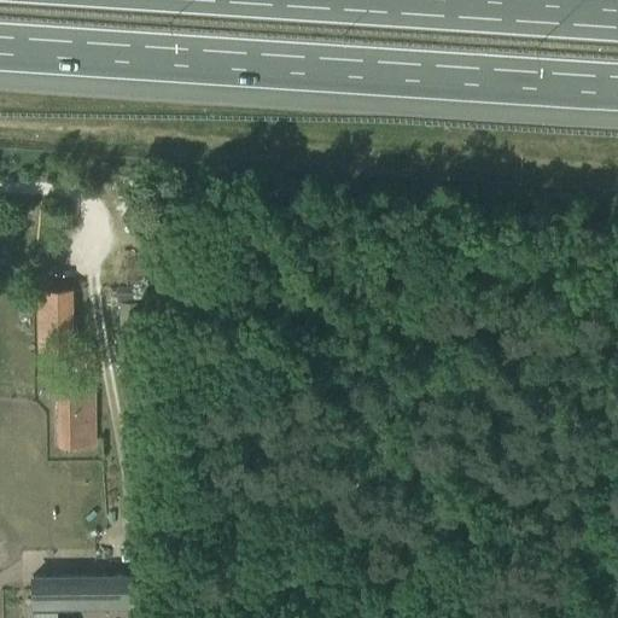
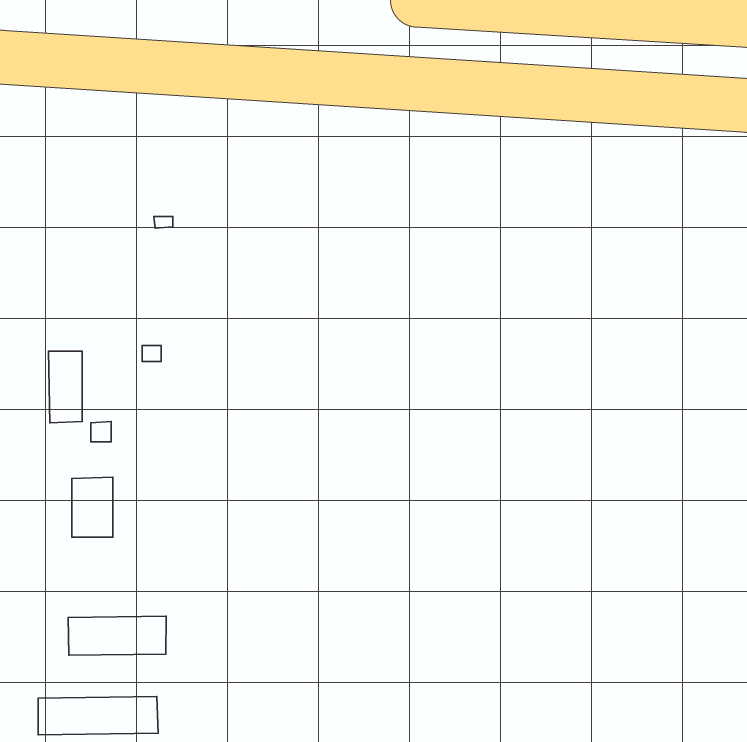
building: none -> [68,616,166,655]

